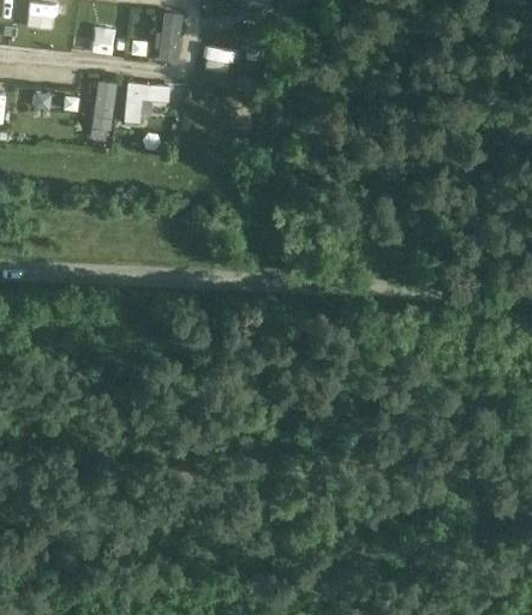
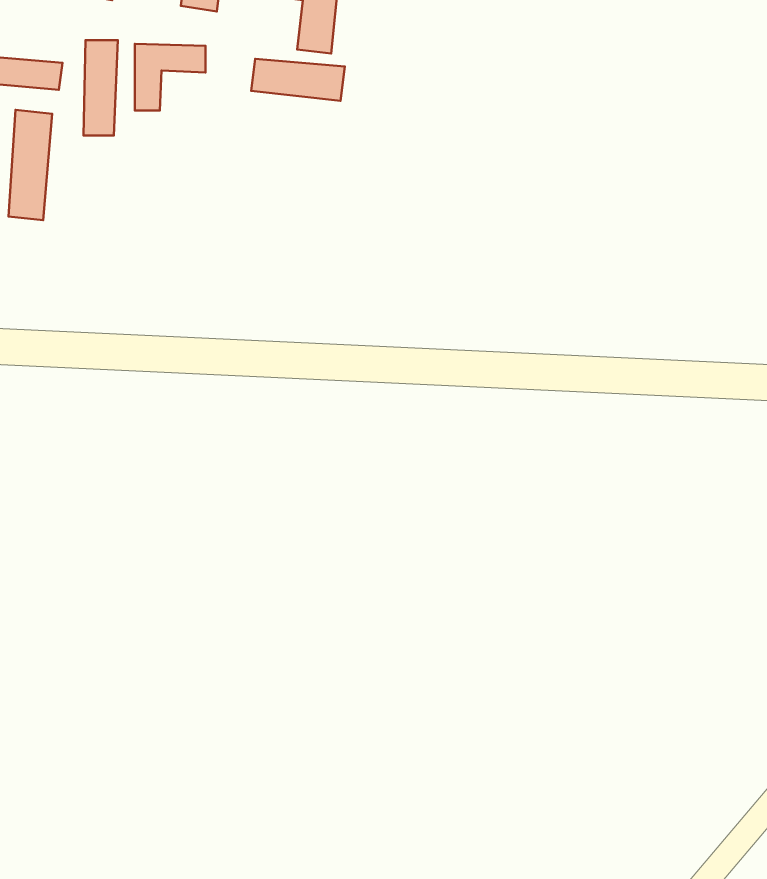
building: none -> [251,59,345,101]
building: none -> [9,110,52,220]

